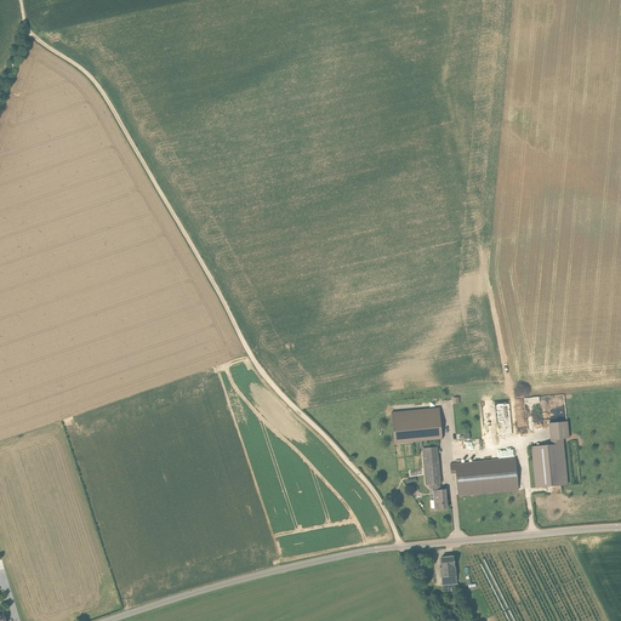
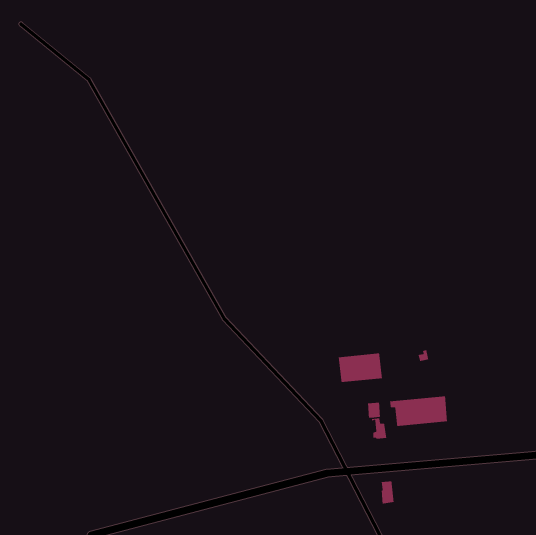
building: [532,420,568,486] -> none

